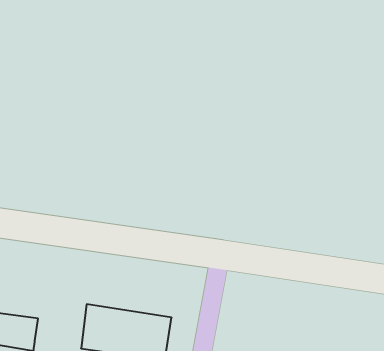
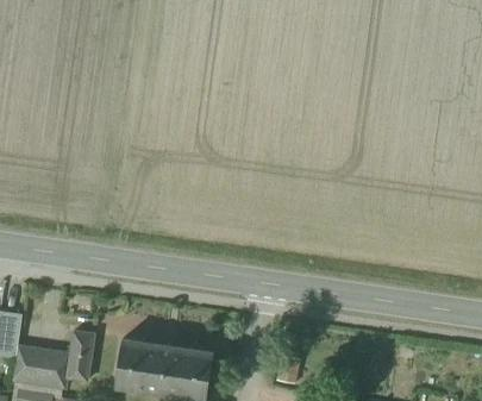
building: none -> [65,332,94,382]

